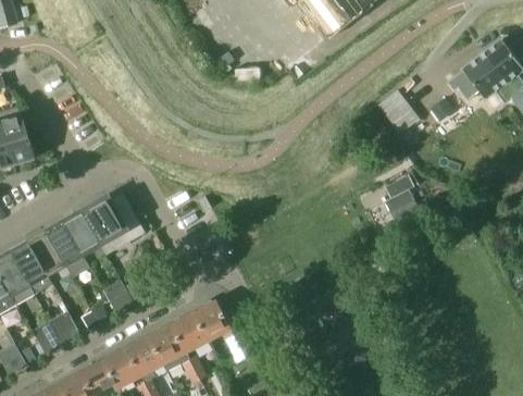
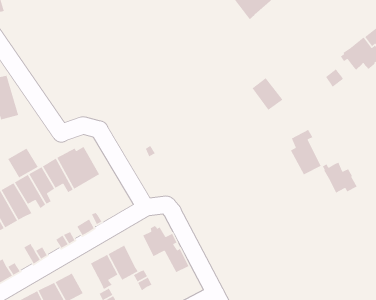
building: [378,89,420,133] -> [251,77,283,111]
building: none -> [7,148,39,179]
building: none -> [322,162,358,194]
building: [171,311,208,351] -> none
building: [103,347,140,386] -> none

